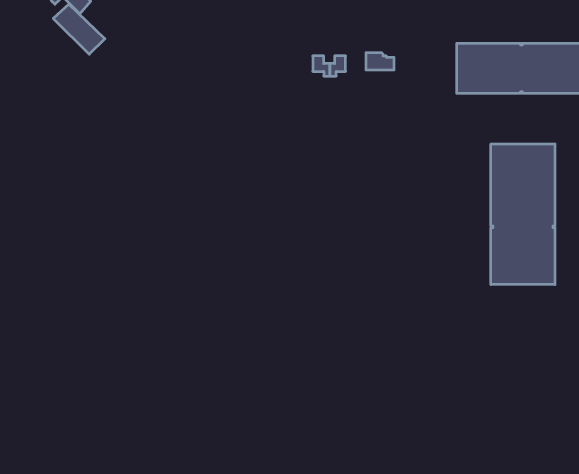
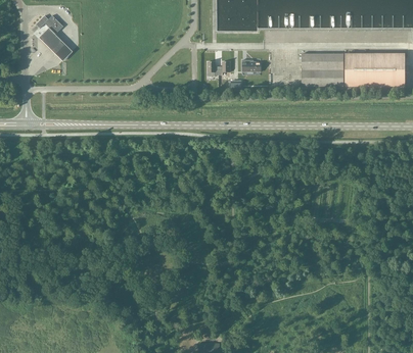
building: [491,144,555,285] -> none

